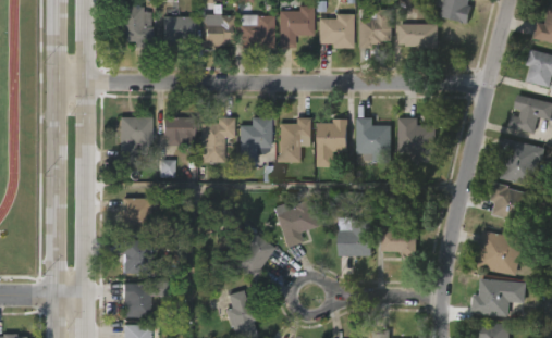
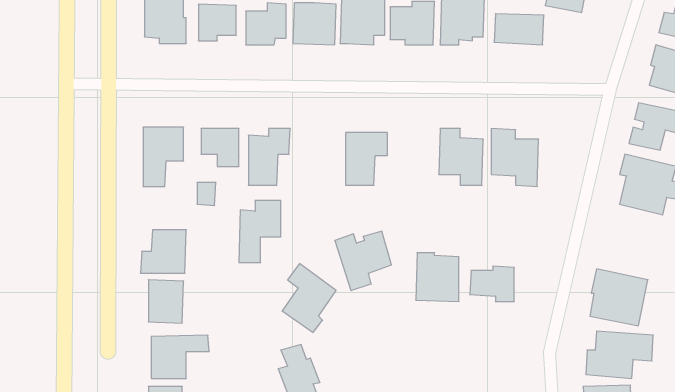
building: [240,117,273,167] -> [239,200,281,263]
building: [318,117,348,166] -> none
building: [490,181,532,225] -> none

